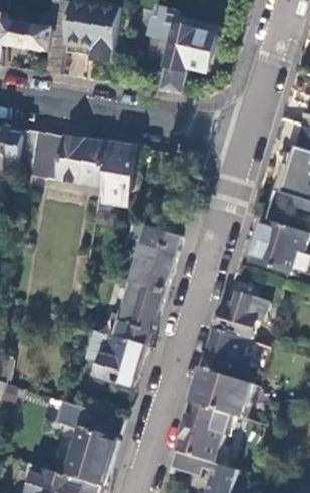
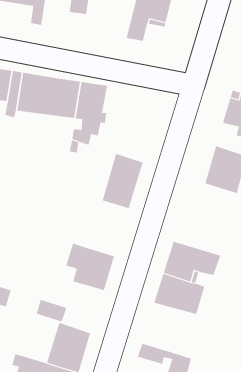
building: [113,282,163,348] -> none
building: [215,292,268,341] -> none
building: [178,404,235,463] -> none

